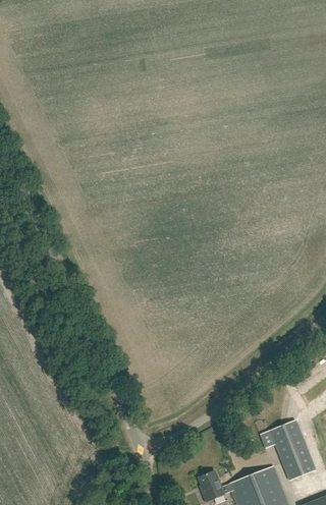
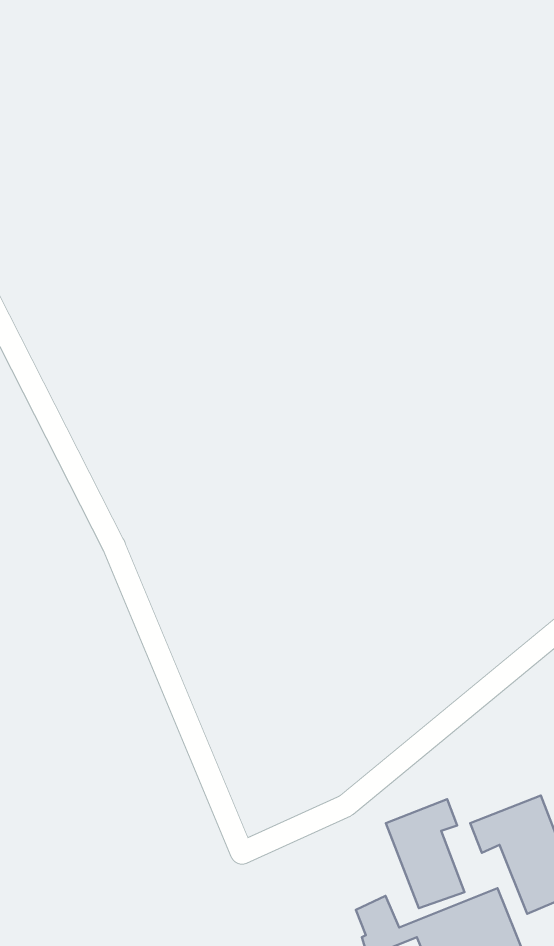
building: none -> [386,799,464,908]

